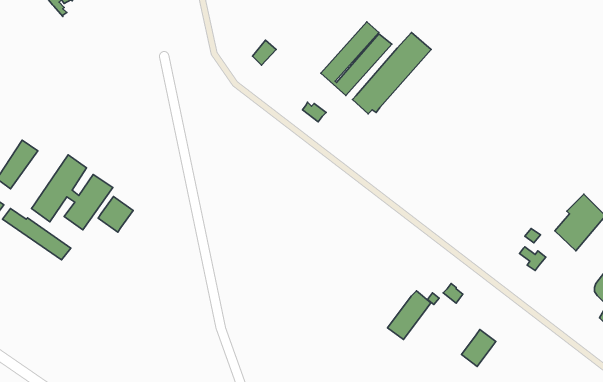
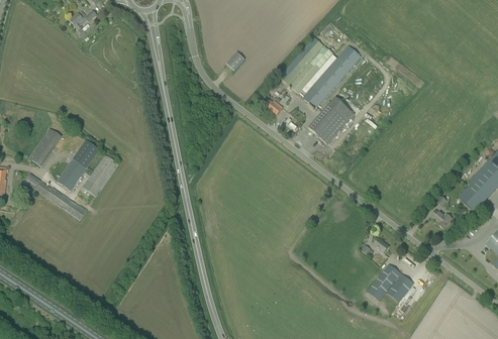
building: none -> [308,103,346,143]
building: [98,197,133,232] -> none
building: [388,291,431,340] -> [367,262,400,300]

